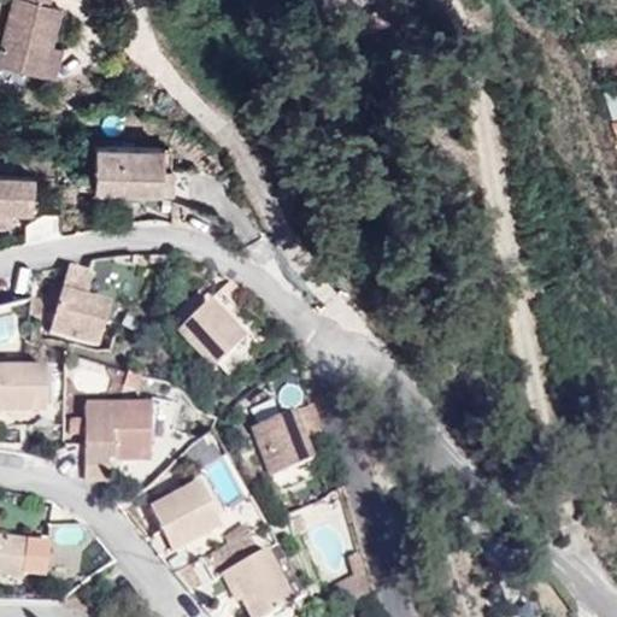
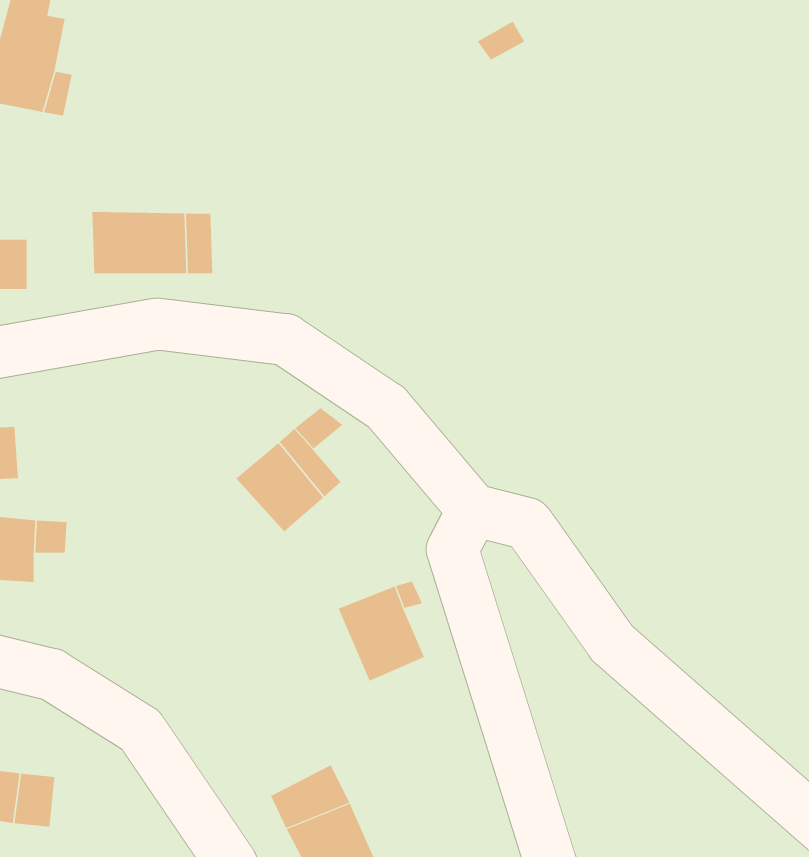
building: [49,277,105,345] -> none
building: [76,396,141,474] -> none
building: [148,481,222,547] -> none

